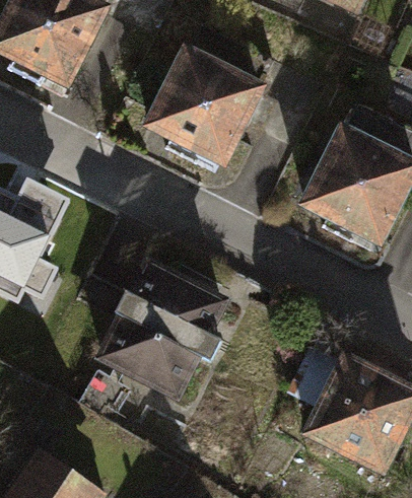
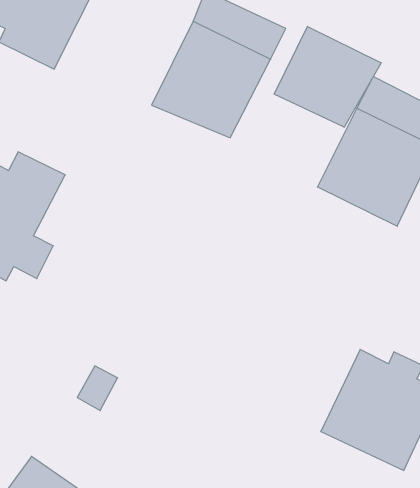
building: none -> [274,26,381,127]
building: [98,267,223,400] -> none

